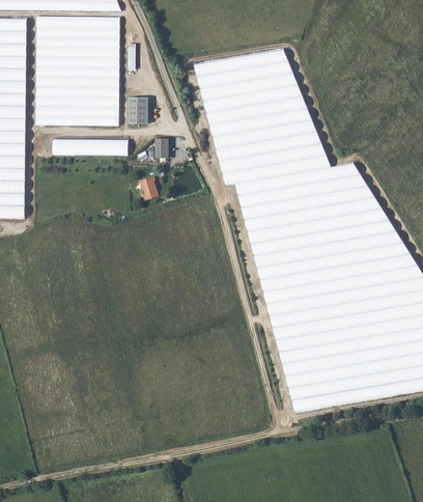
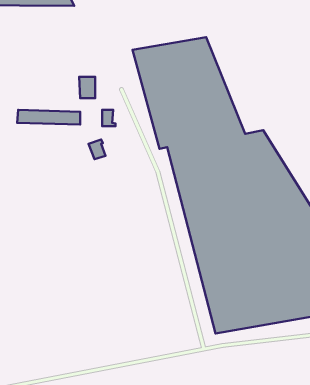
building: [36,17,119,126] -> none

